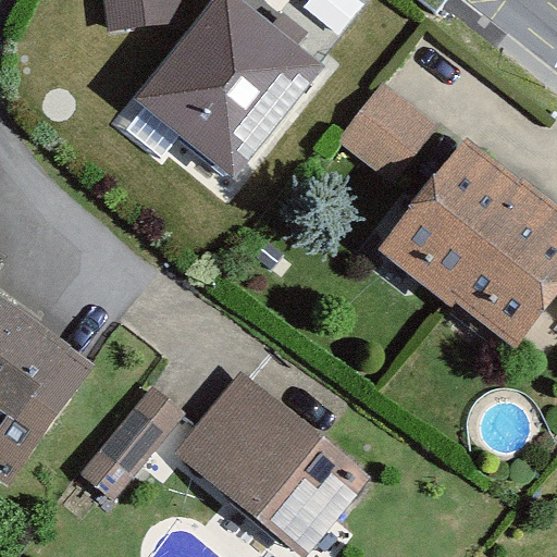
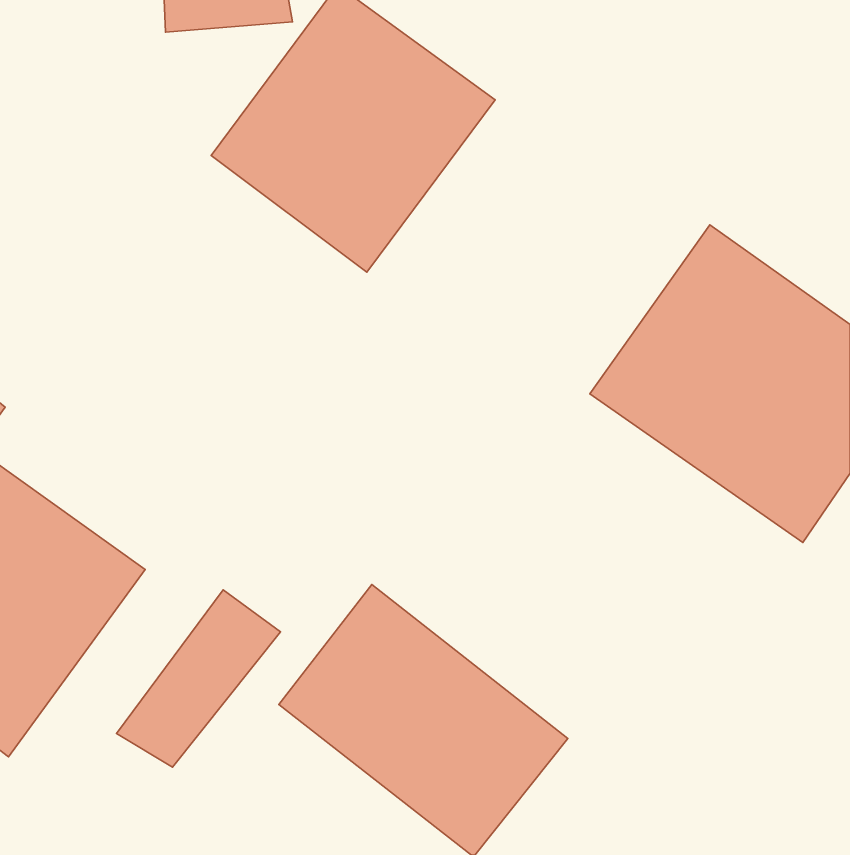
building: [342,82,462,190] -> none

